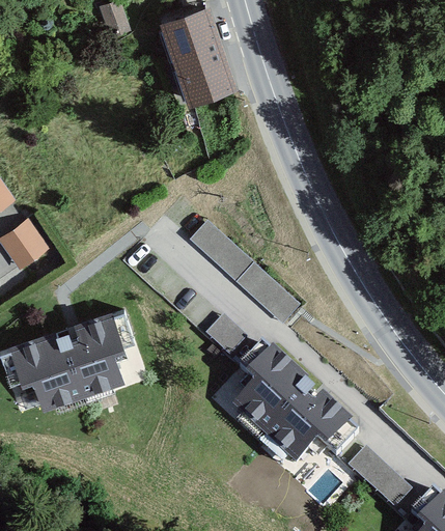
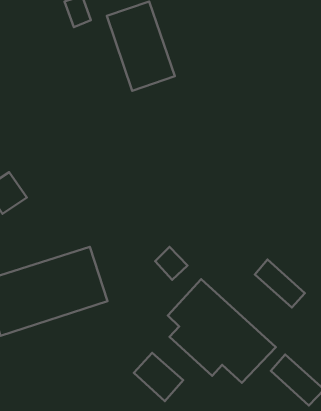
building: [190,214,299,316] -> none
building: none -> [255,260,305,307]
building: none -> [134,353,183,401]

